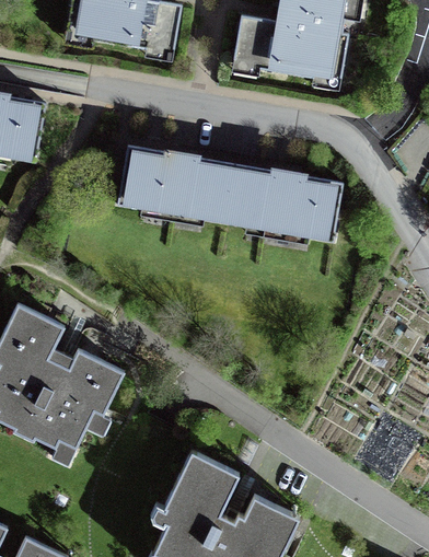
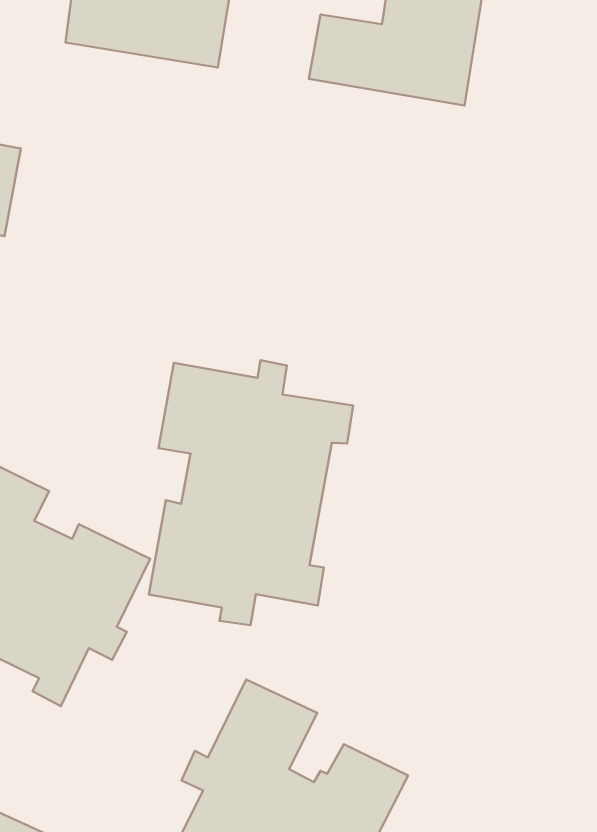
building: [121,143,344,237] -> none
building: none -> [149,360,353,625]

